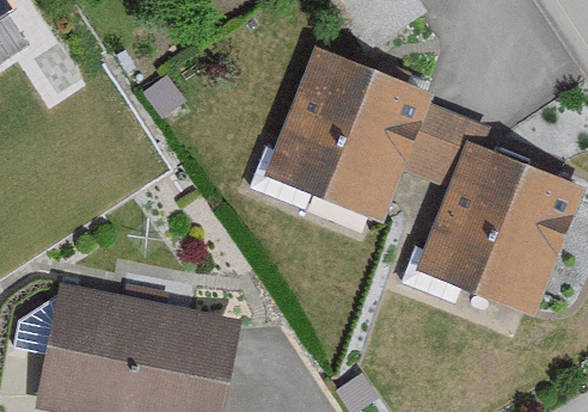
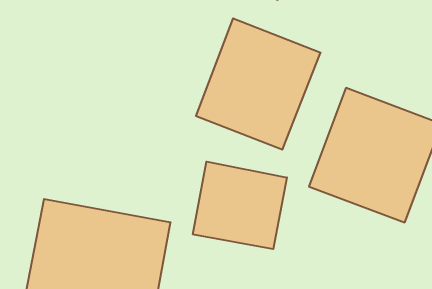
building: none -> [193,162,287,249]

